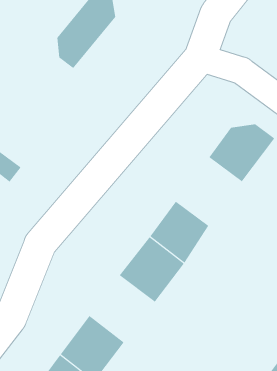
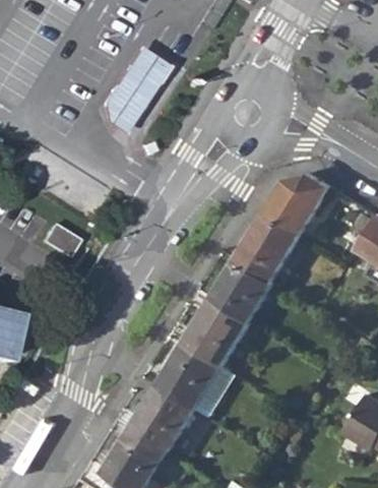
building: none -> [233,211,299,282]
building: none -> [155,341,234,417]

